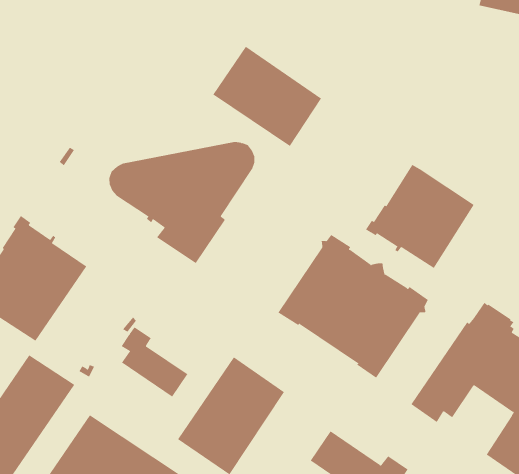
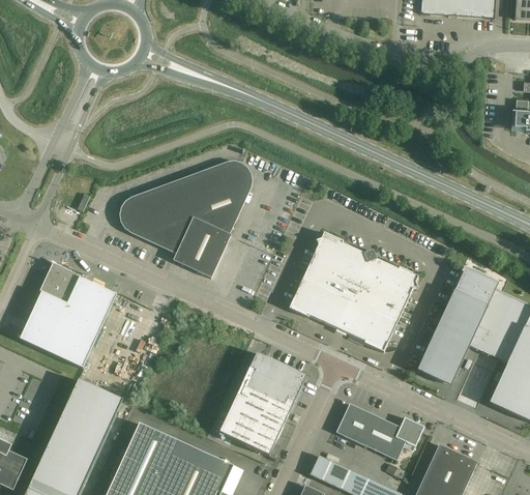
building: [213,46,322,147] -> none
building: [365,164,474,269] -> none
building: [121,326,188,397] -> none

